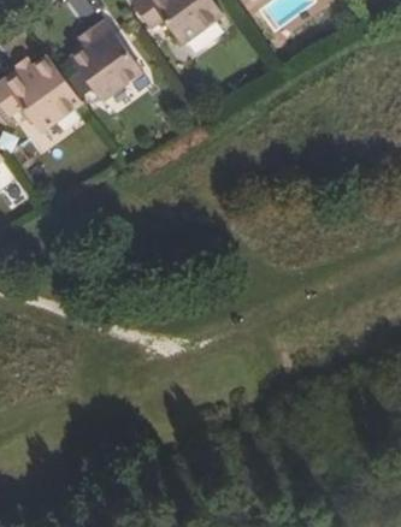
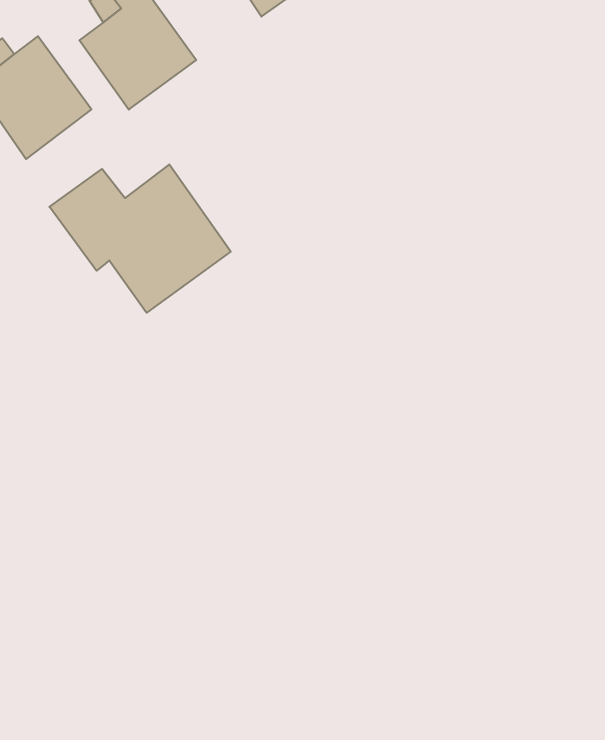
building: none -> [49,164,231,313]

